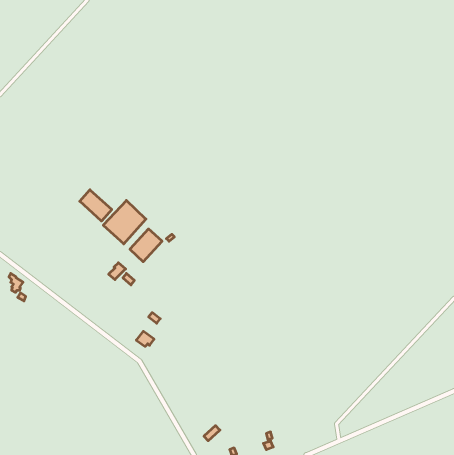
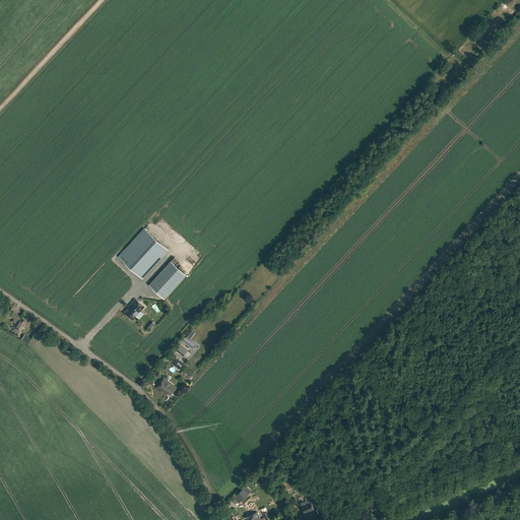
building: [80,190,112,221] -> none

